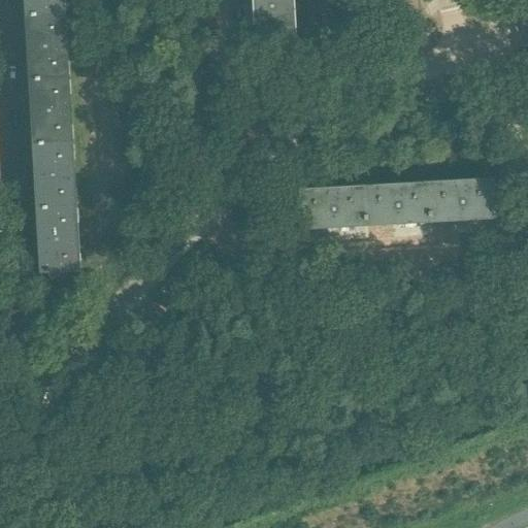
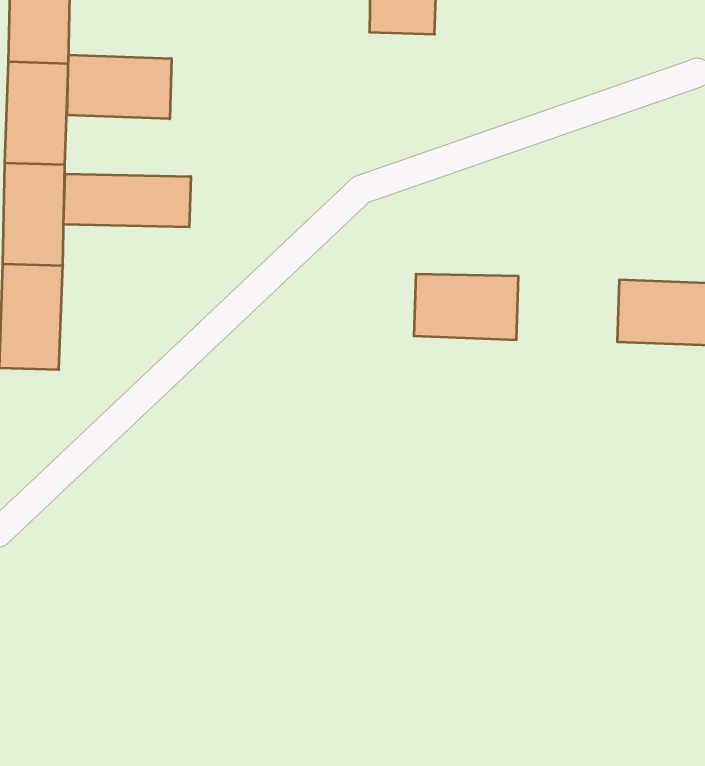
building: none -> [67,55,171,119]
building: none -> [64,174,191,227]
building: [363,182,429,225] -> none

